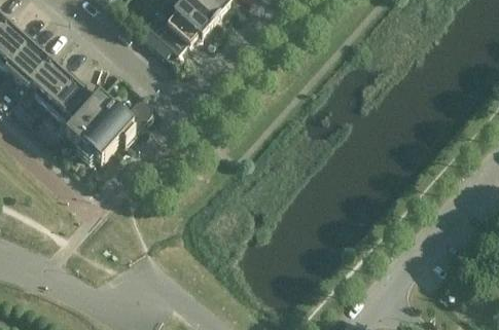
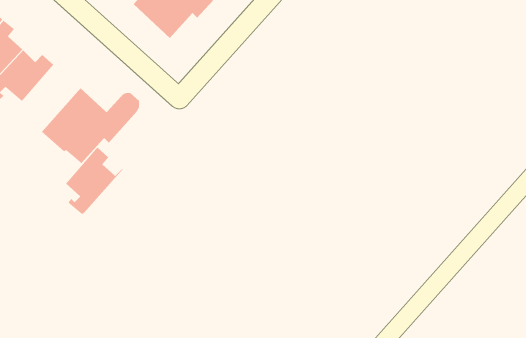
building: [48,77,99,136] -> [65,147,123,215]

